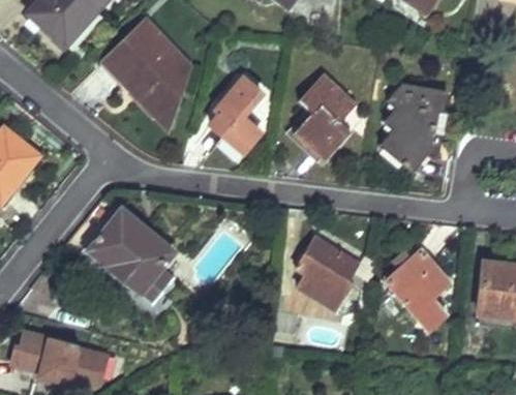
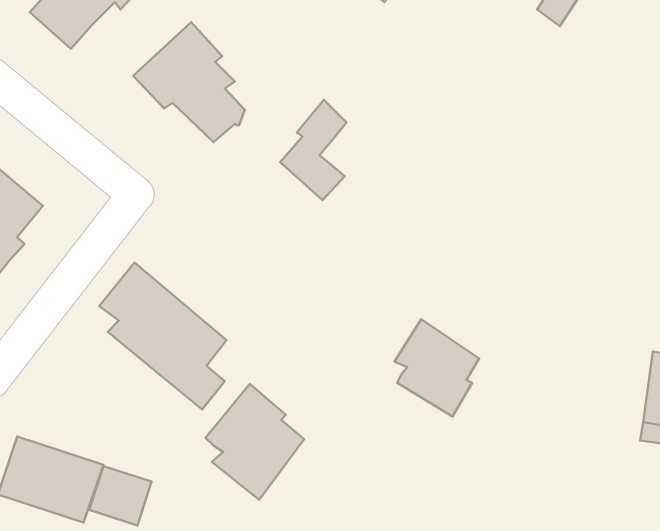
building: [295,74,355,159] -> none
building: [382,83,447,172] -> none
building: [387,250,449,328] -> none
building: none -> [206,384,304,500]

